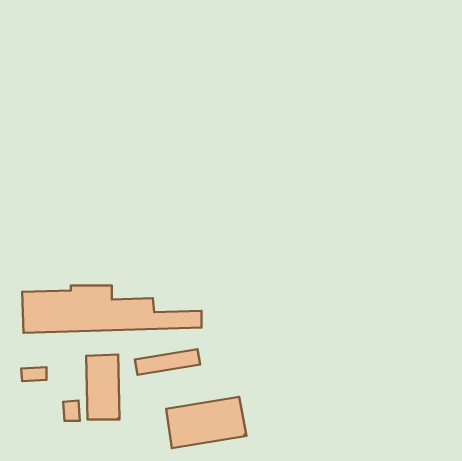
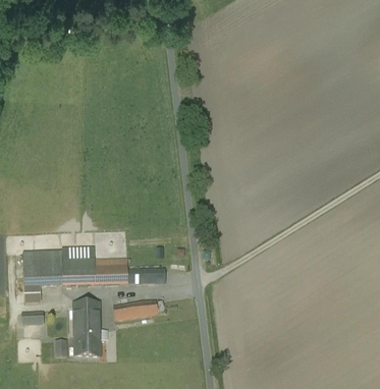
building: [166,397,246,448] -> none

